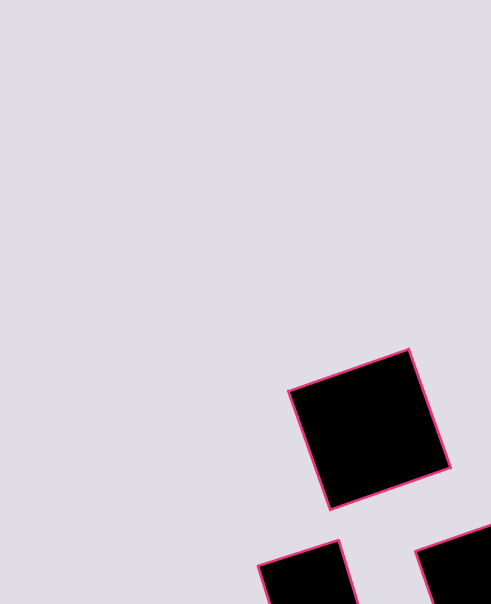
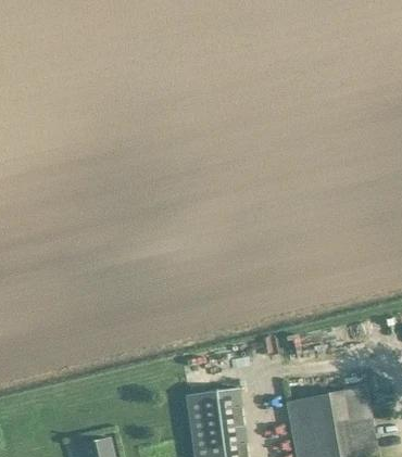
building: [288,349,451,510] -> none

